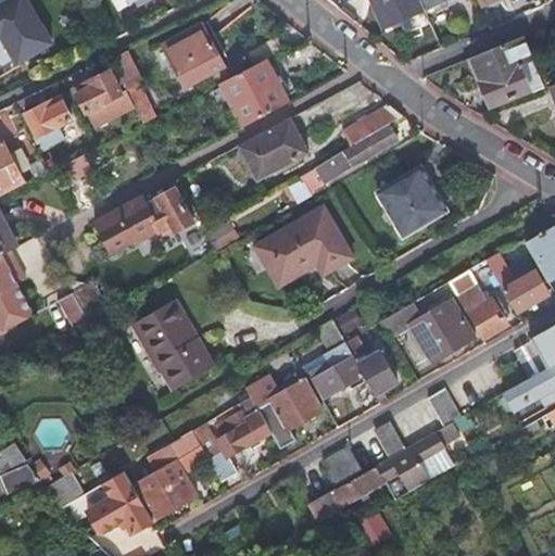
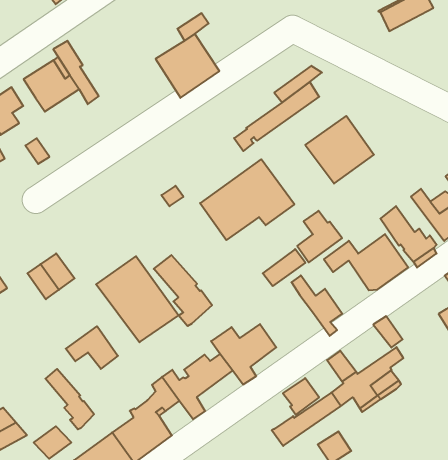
building: [161,23,223,85] -> none
building: [478,56,531,106] -> none
building: [239,116,308,179] -> none
building: [93,188,192,253] -> none
building: none -> [154,255,212,326]
building: [314,343,364,399] -> [297,211,342,262]
building: none -> [66,326,118,369]
building: none -> [45,369,94,429]

